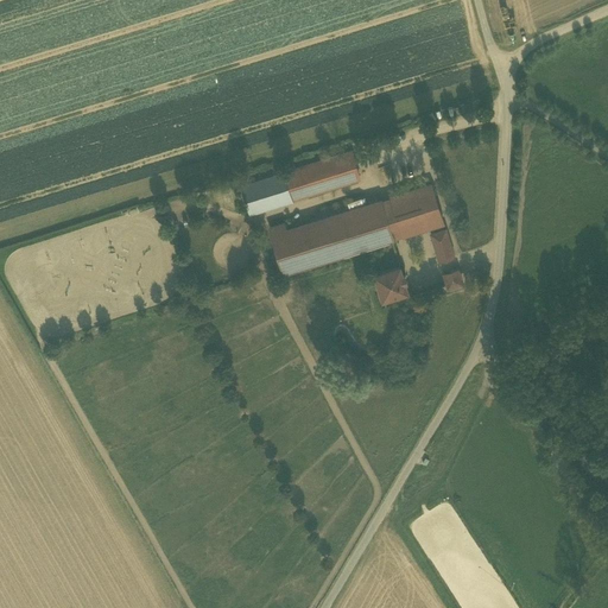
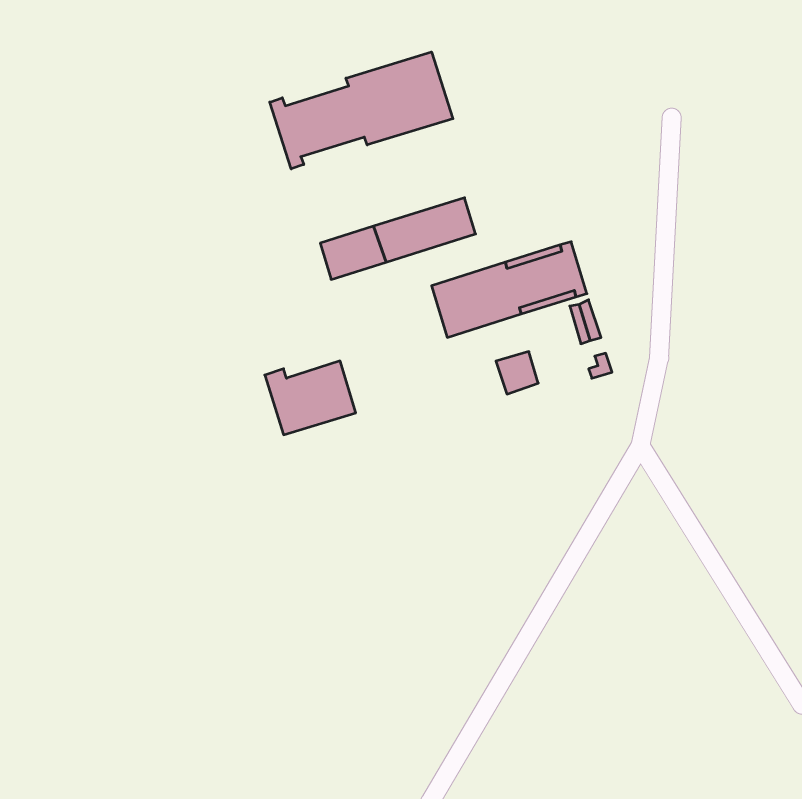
building: none -> [270,52,453,169]
building: [270,218,338,274] -> [265,361,356,435]

